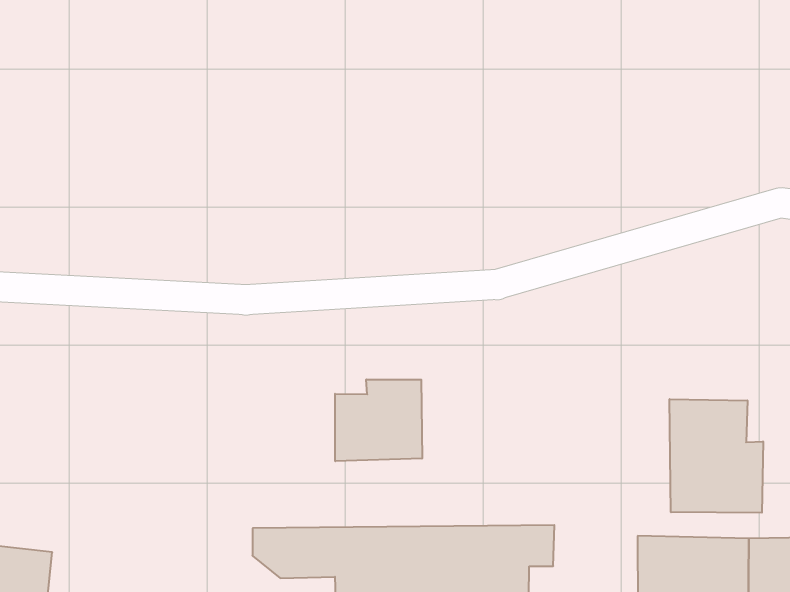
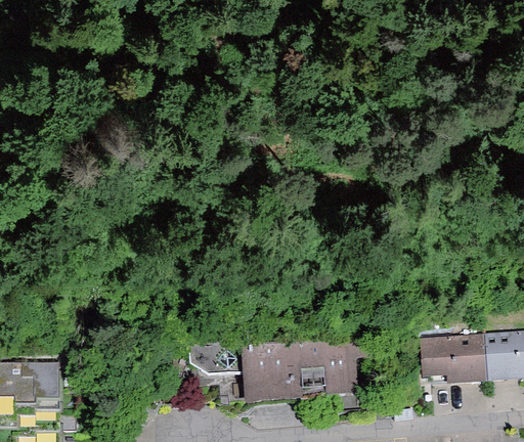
building: [335,379,422,461] -> none
building: [670,399,763,513] -> none

